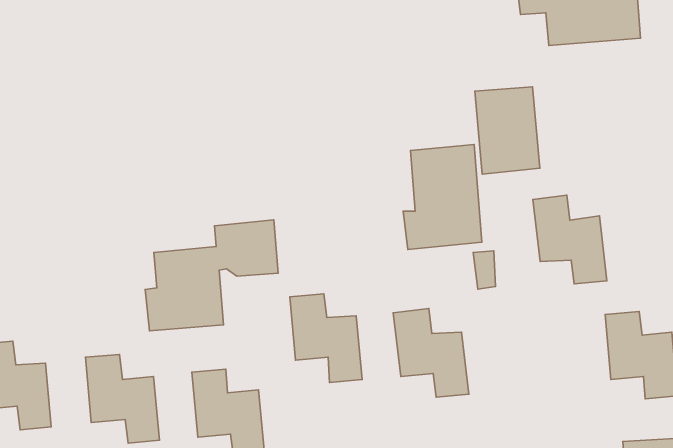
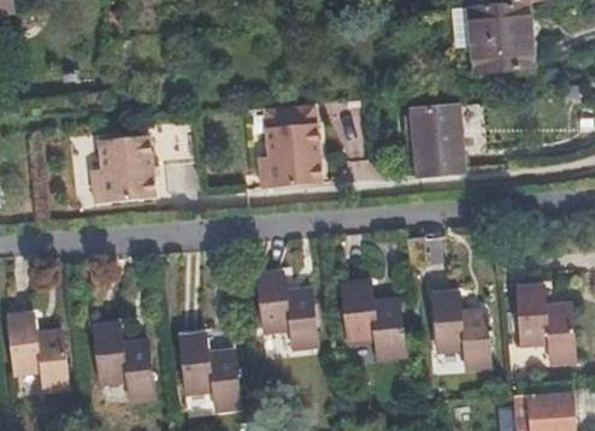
building: [403,145,482,250] -> [263,99,326,184]
building: [533,195,607,284] -> [431,297,491,370]
building: [145,220,278,331] -> [95,111,204,201]

